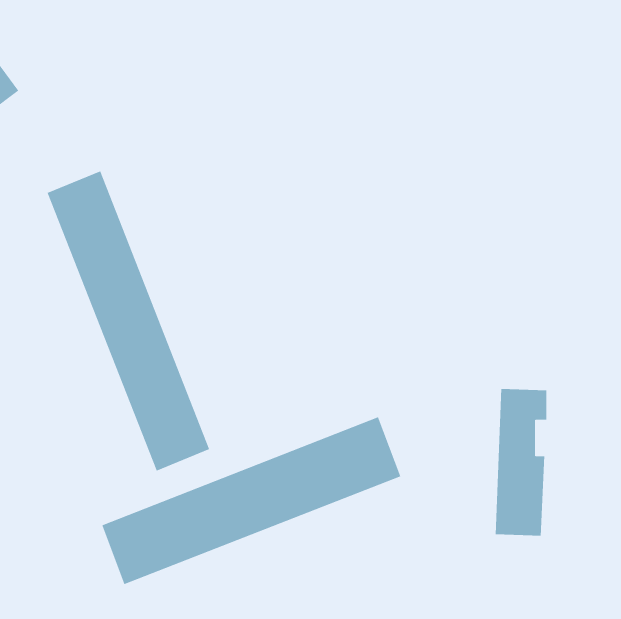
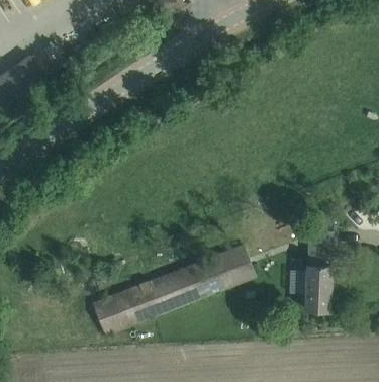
building: [47,170,210,472] -> none

